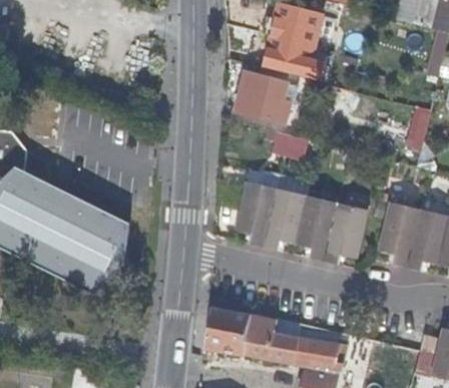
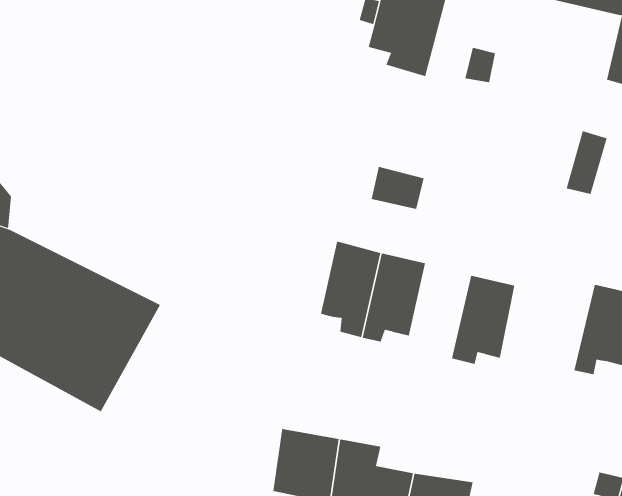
building: [237,72,290,123] -> none
building: [297,196,338,260] -> none
building: [380,203,421,268] -> none

